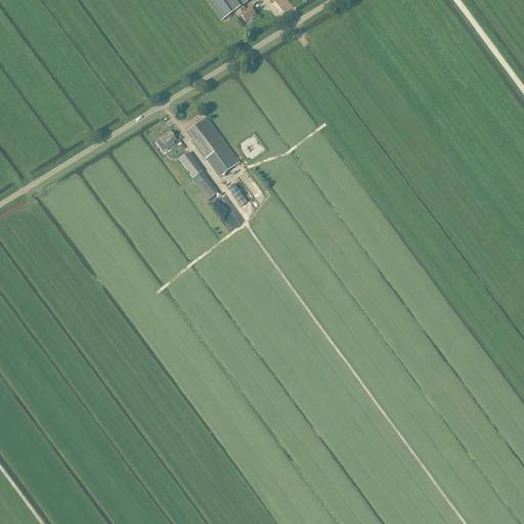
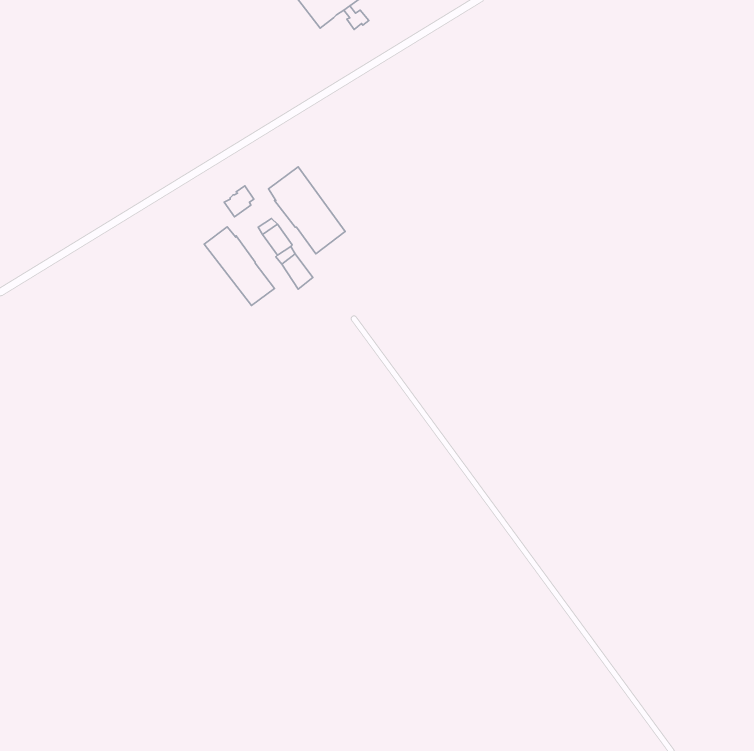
building: none -> [204,227,274,306]

